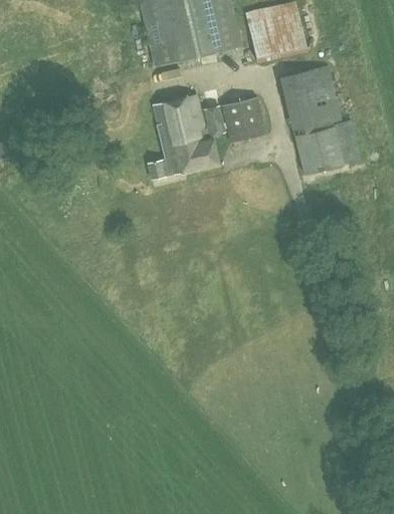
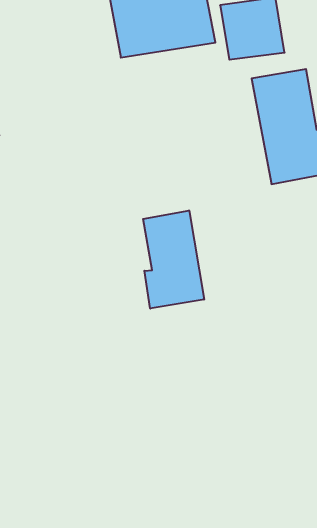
building: [148,94,265,180] -> none
building: none -> [143,210,204,309]

